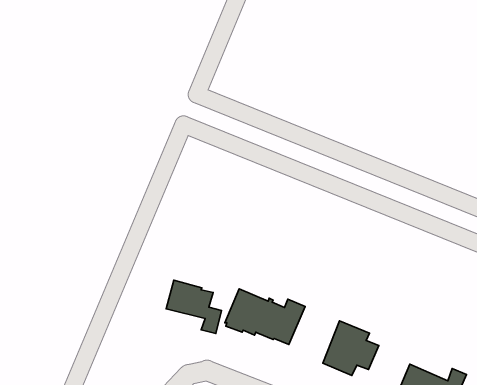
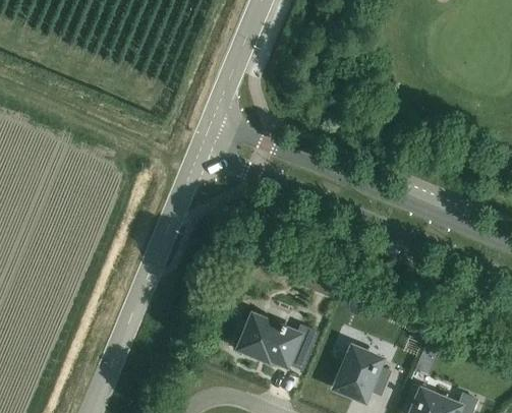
building: [166,280,222,333] -> none

